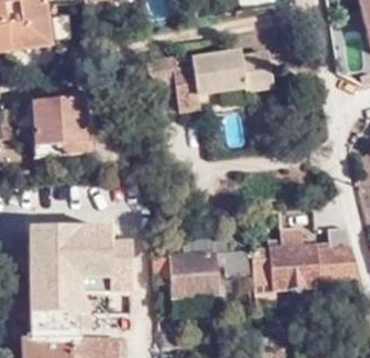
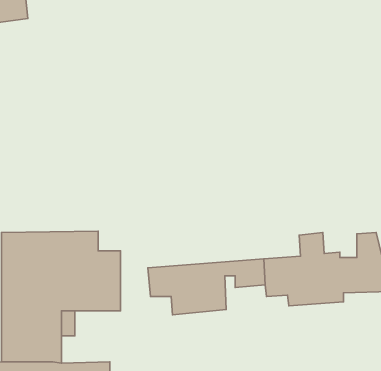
building: [146,47,272,110] -> none
building: [32,86,88,153] -> none

